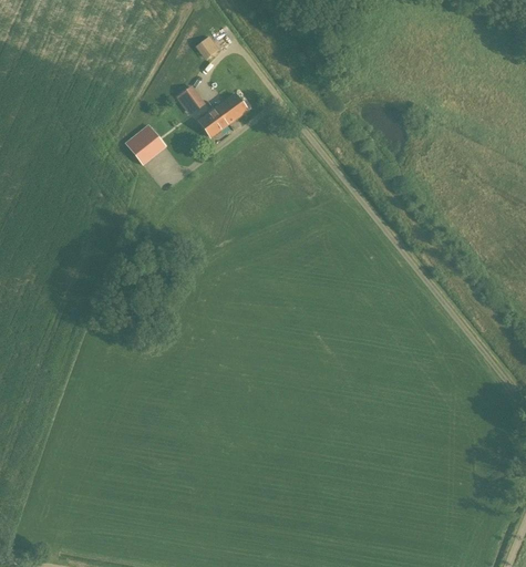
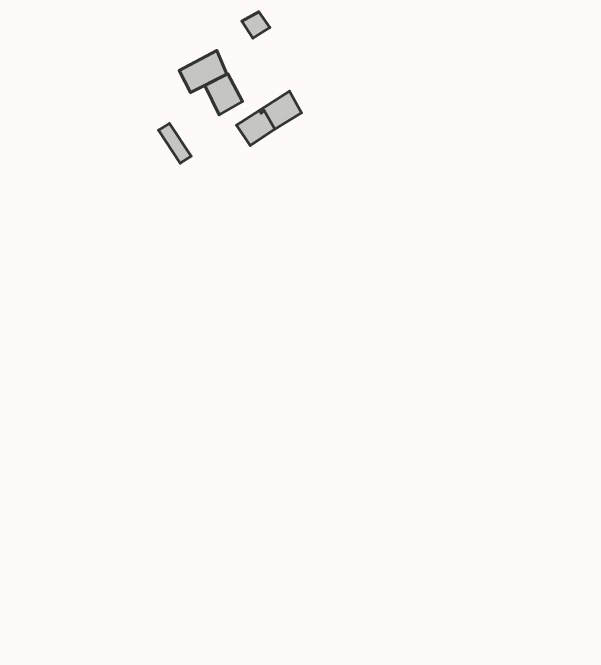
building: none -> [179,51,227,93]
building: [126,130,159,165] -> none

